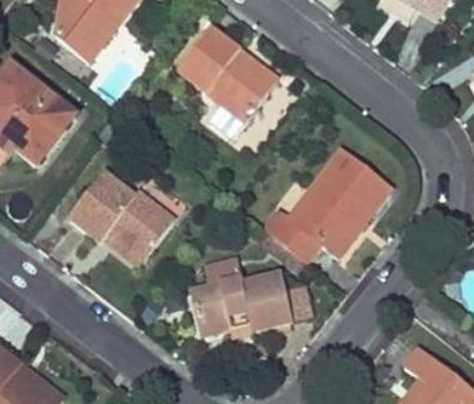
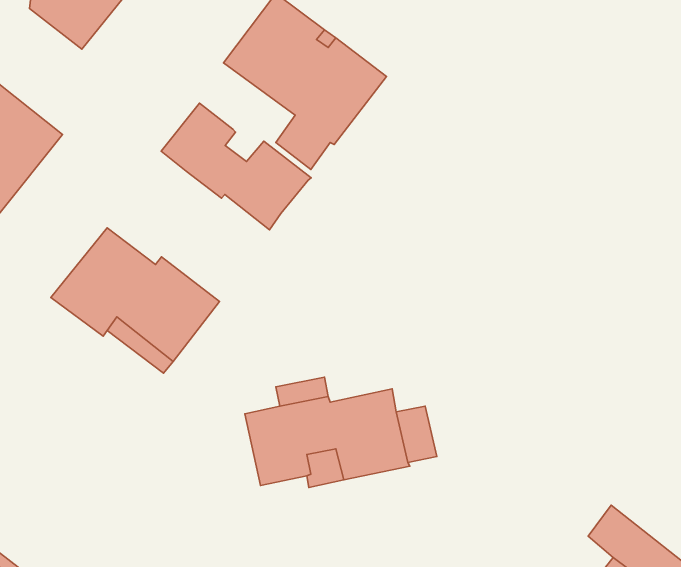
building: none -> [161,103,311,230]
building: [264,149,390,261] -> none

